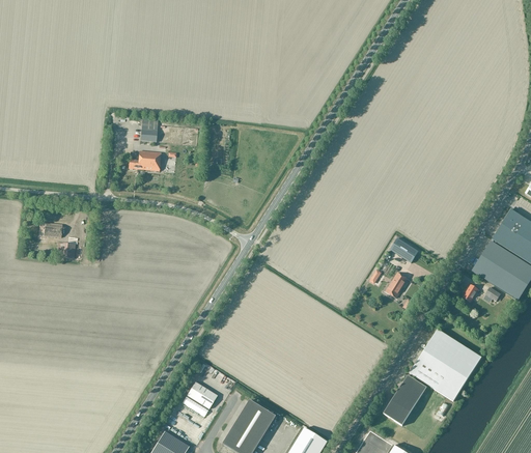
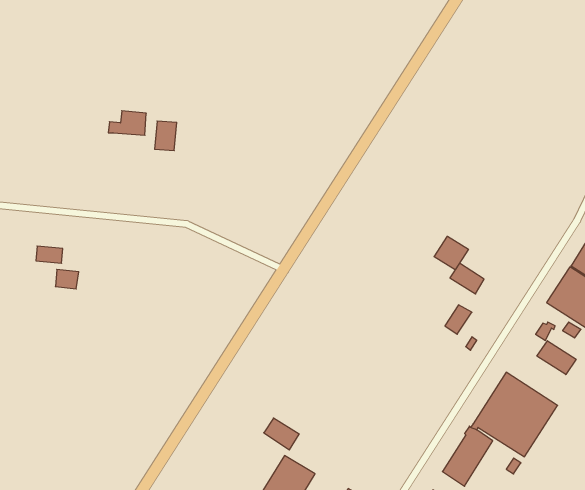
building: [129,149,161,170] -> [108,111,146,135]
building: none -> [434,236,468,270]
building: none -> [537,341,576,375]
building: [187,381,217,408] -> [264,418,299,450]

